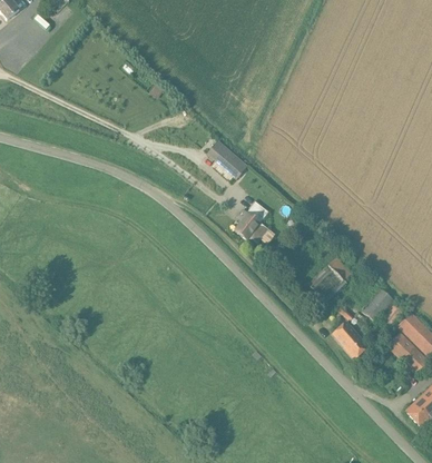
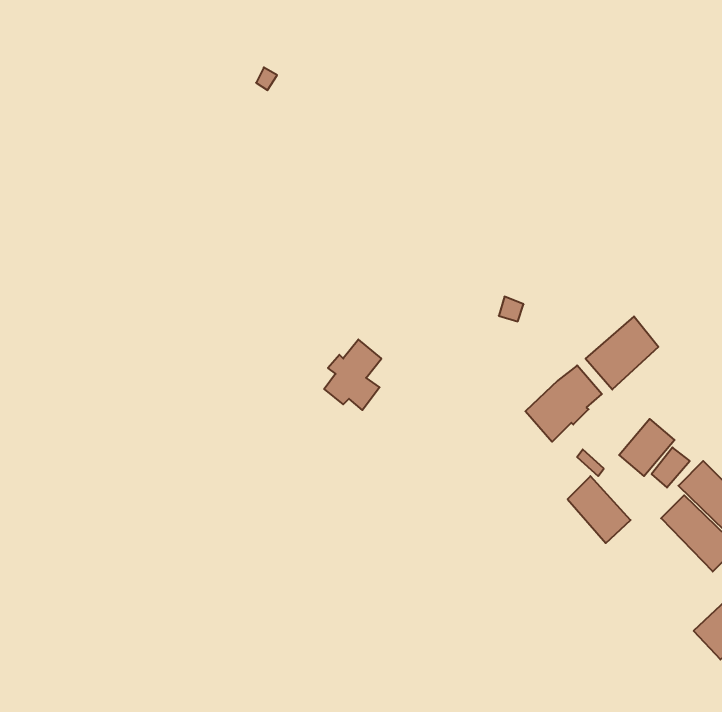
building: [207,140,247,179] -> none
building: [235,200,268,242] -> [324,339,381,410]
building: none -> [586,316,658,390]

